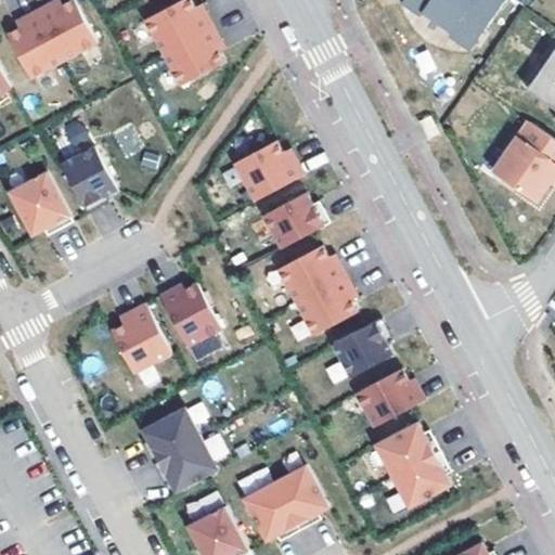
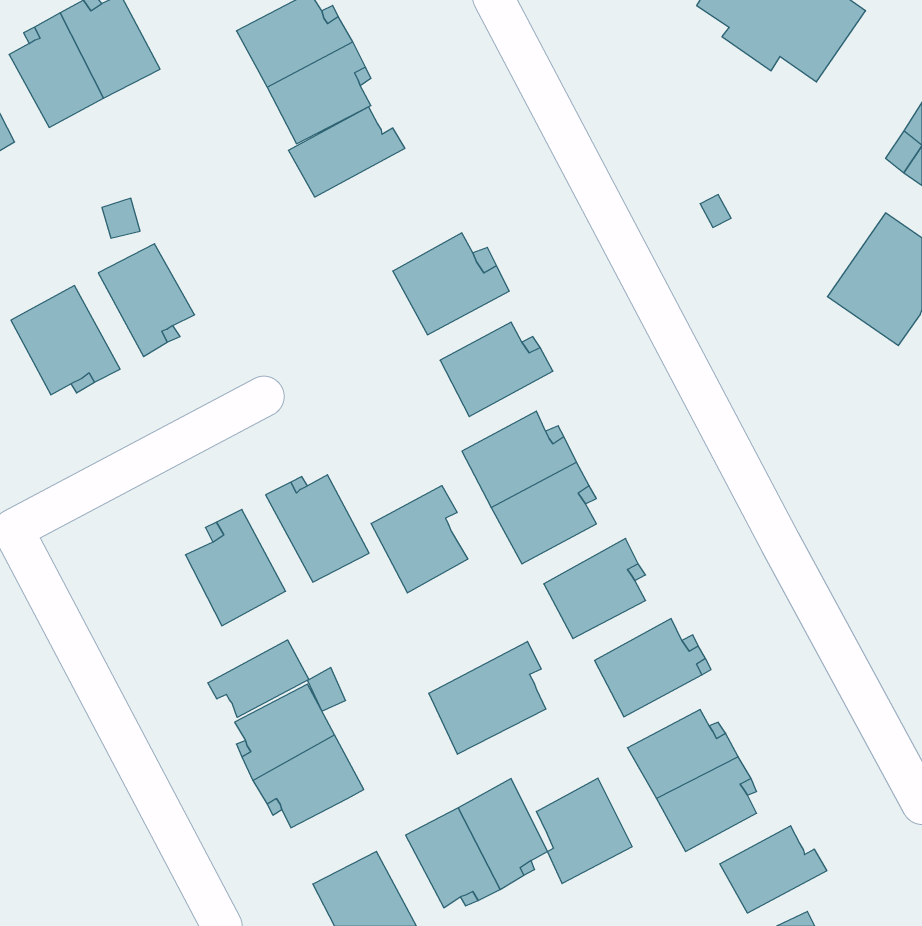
building: none -> [288,107,405,197]
building: none -> [371,486,468,593]
building: none -> [208,640,309,717]
building: none -> [429,641,546,754]
building: none -> [536,778,632,884]
building: none -> [720,826,827,913]

